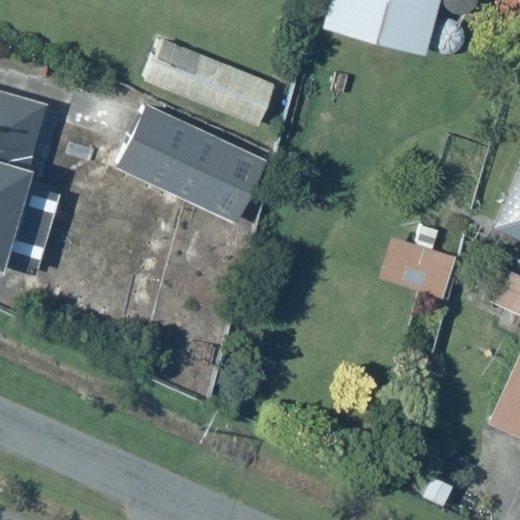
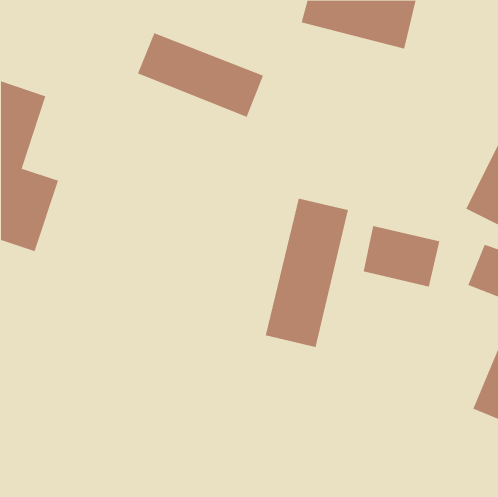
building: [113,104,264,222] -> none
building: none -> [265,198,348,348]

